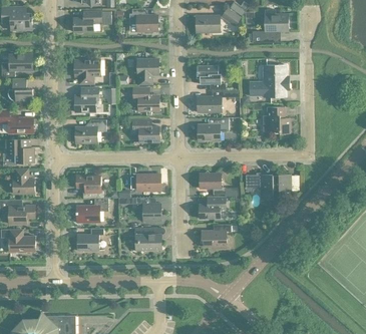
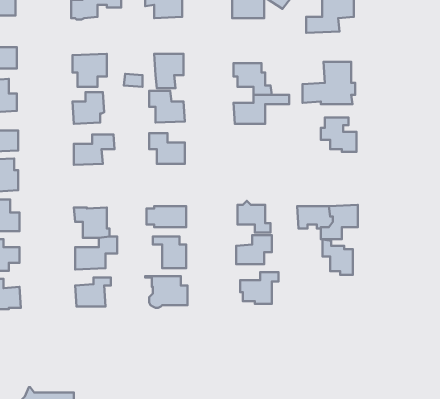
building: [198,117,229,140] -> none
building: none -> [322,240,353,275]

